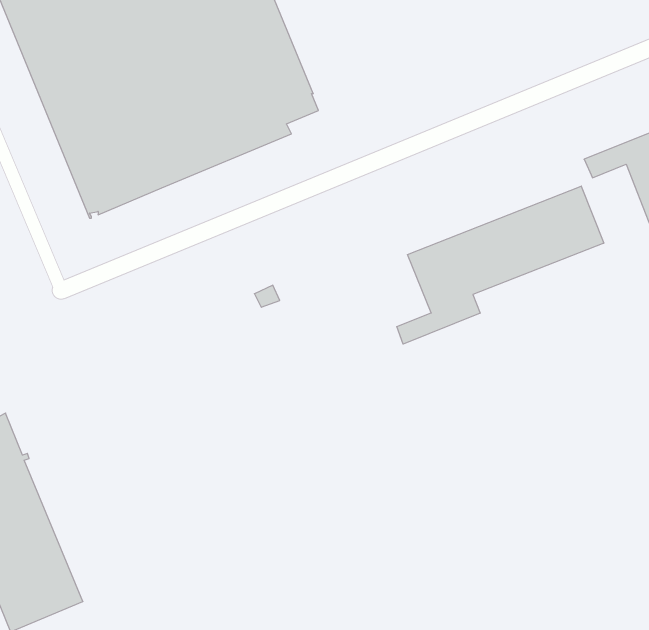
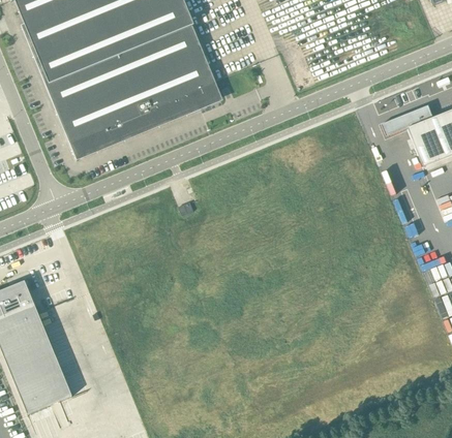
building: [397,186,604,344] -> none

